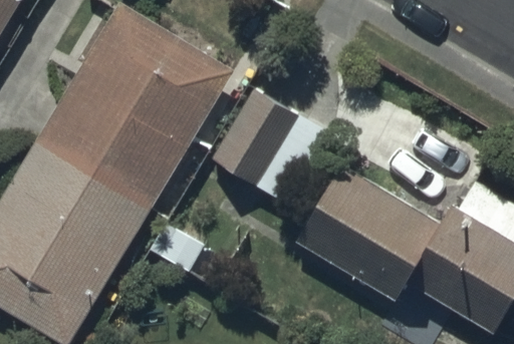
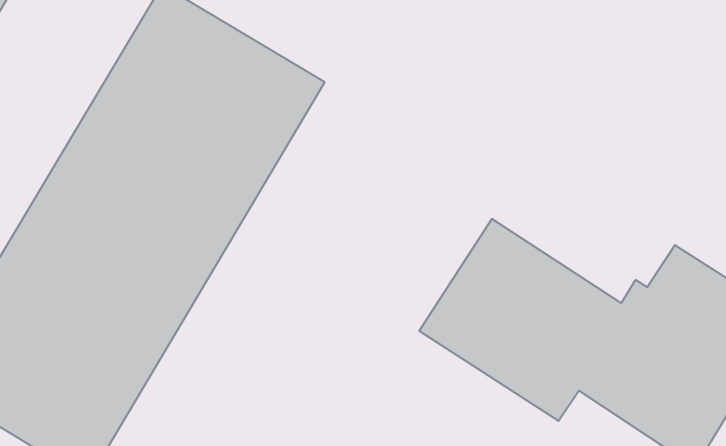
building: [210,87,332,207] -> none

